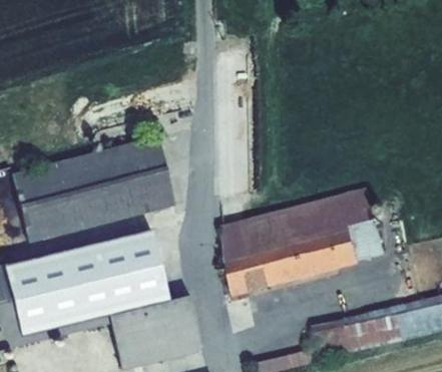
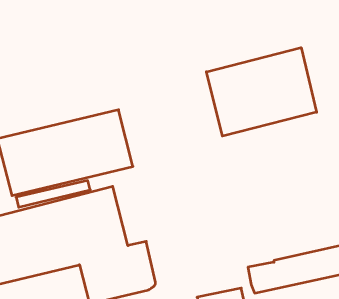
building: none -> [206,48,317,136]
building: [222,189,385,293] -> none

